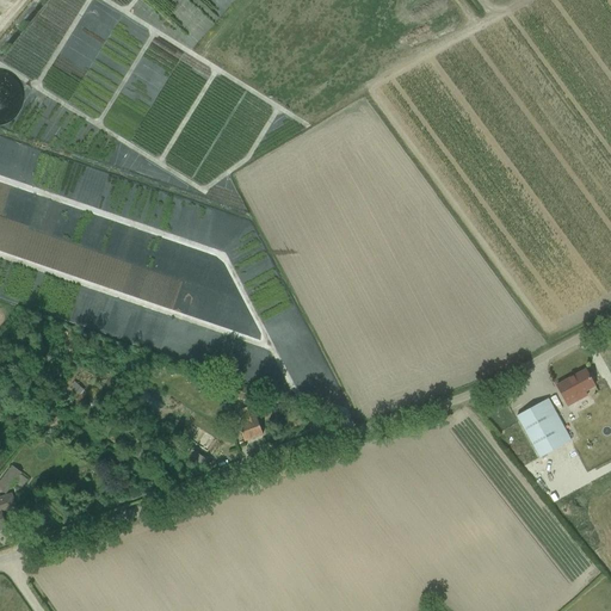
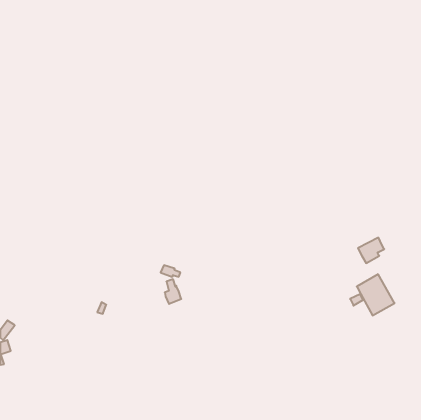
building: [556,369,594,406] -> [358,238,384,263]

